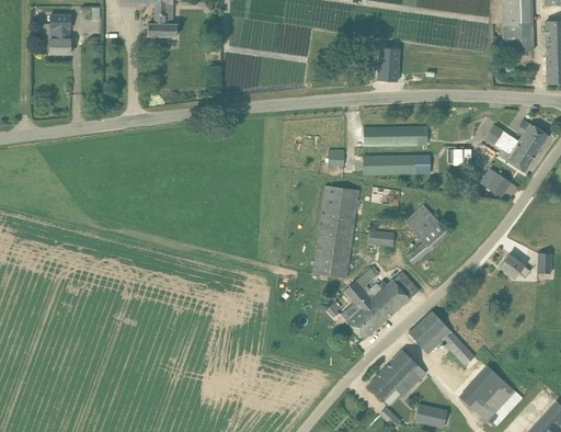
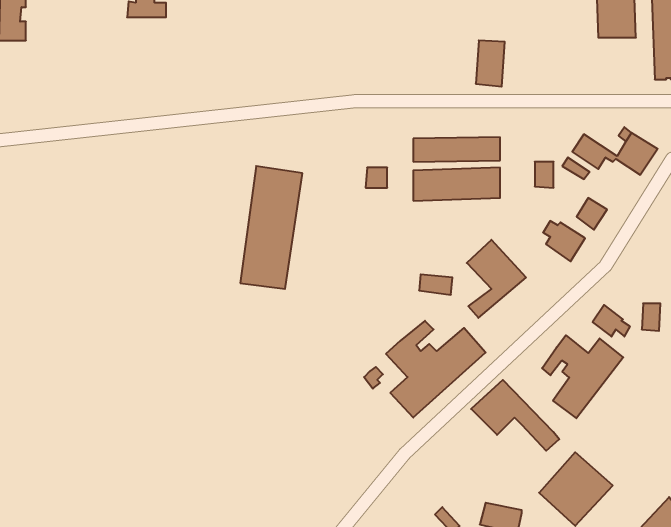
building: [377,47,399,82] -> [476,40,505,87]
building: [504,143,536,173] -> [543,221,585,261]
building: [312,185,359,278] -> [240,166,302,289]
building: none -> [542,335,623,418]
building: [367,350,426,401] -> none

